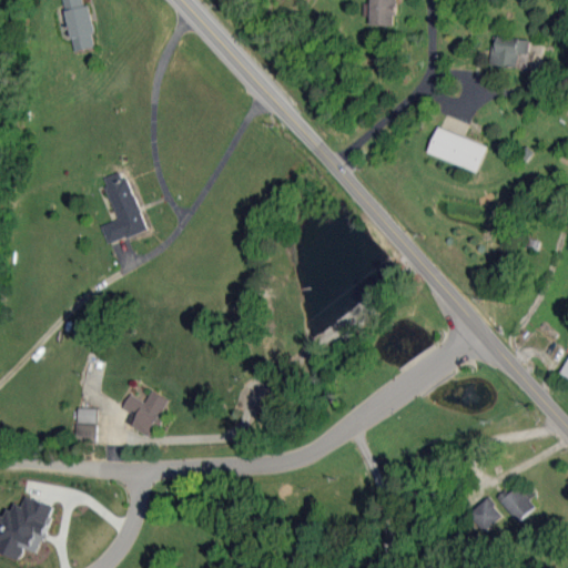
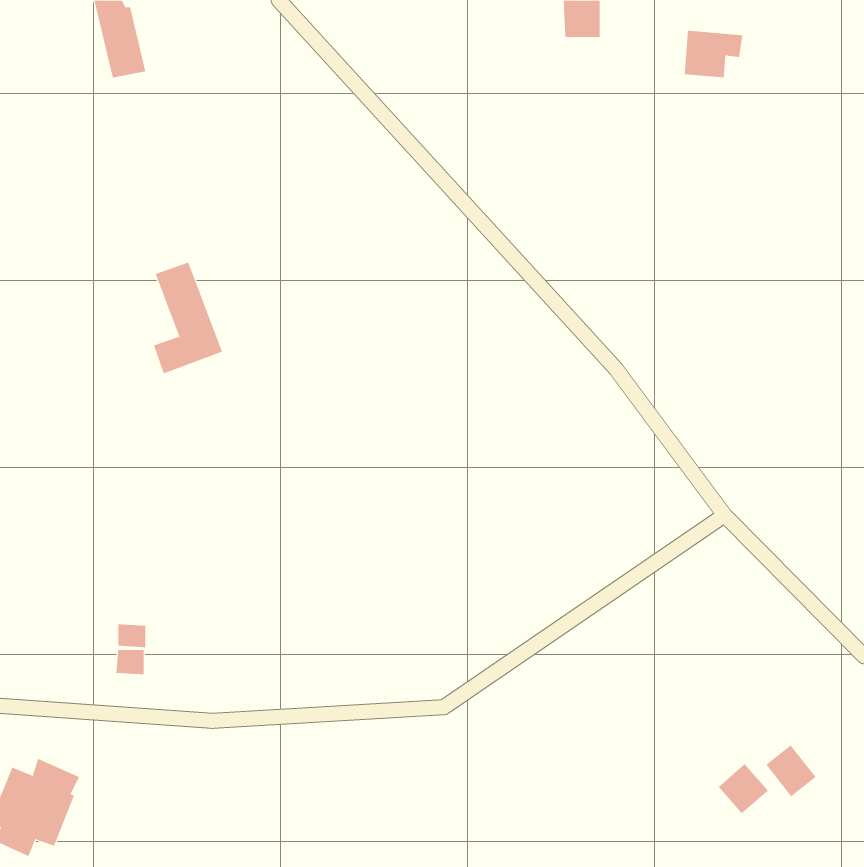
building: [489,37,528,68] -> [684,30,743,78]
building: [426,128,486,173] -> none
building: [121,390,169,437] -> none

